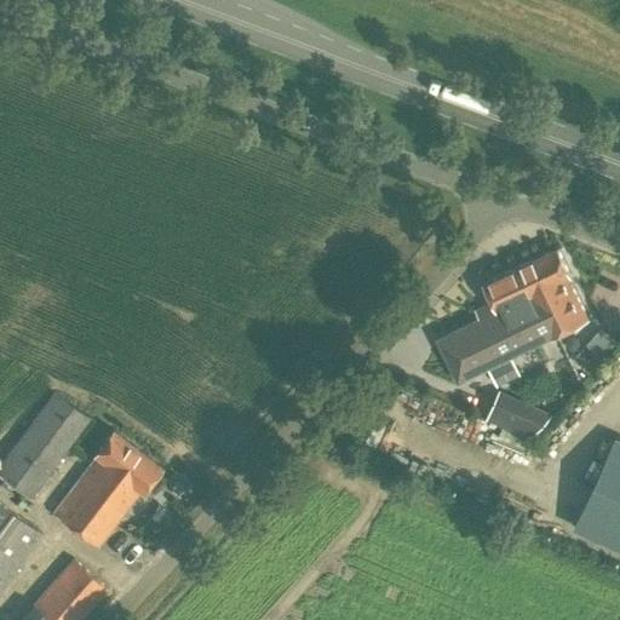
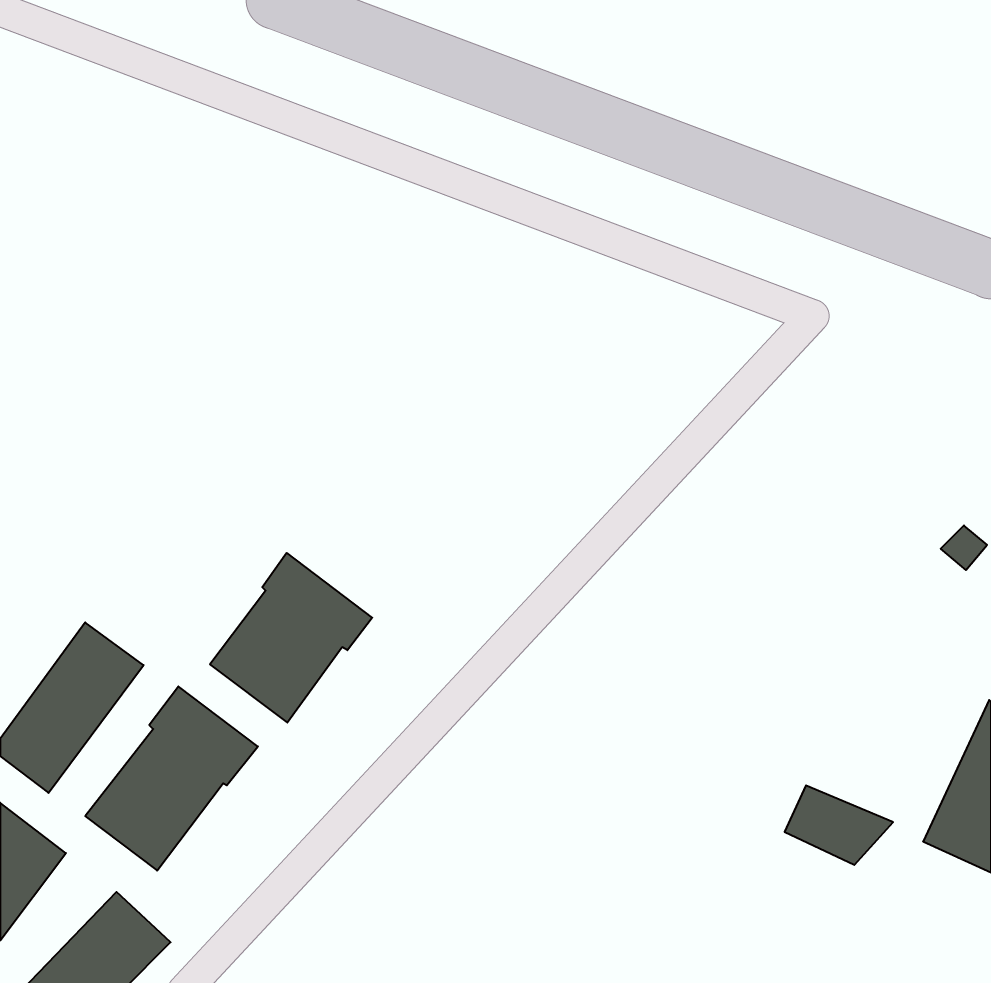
building: [437,251,587,384] -> none
building: none -> [210,553,372,723]
building: [486,394,553,443] -> [785,785,893,865]

